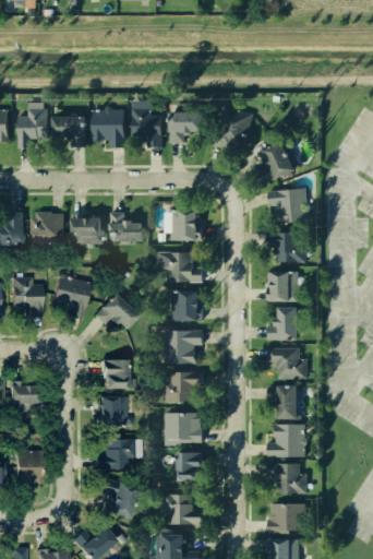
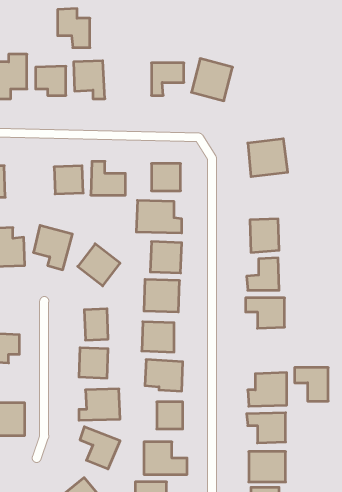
building: [131,105,164,144] -> [58,9,90,48]
building: [264,138,300,179] -> none
building: [29,212,62,243] -> none
building: [270,230,305,262] -> none
building: [265,384,299,418] -> [295,368,328,401]

